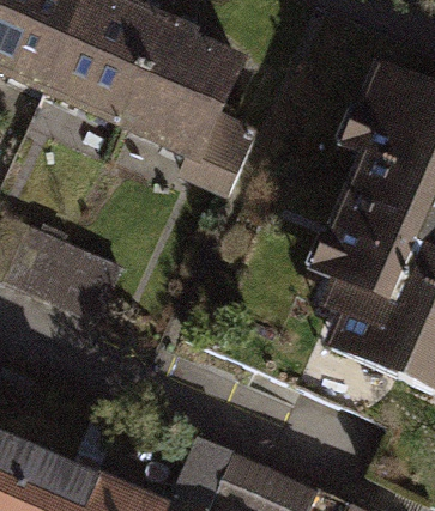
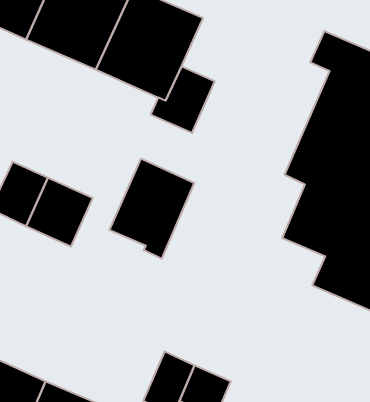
building: none -> [109,158,194,259]

